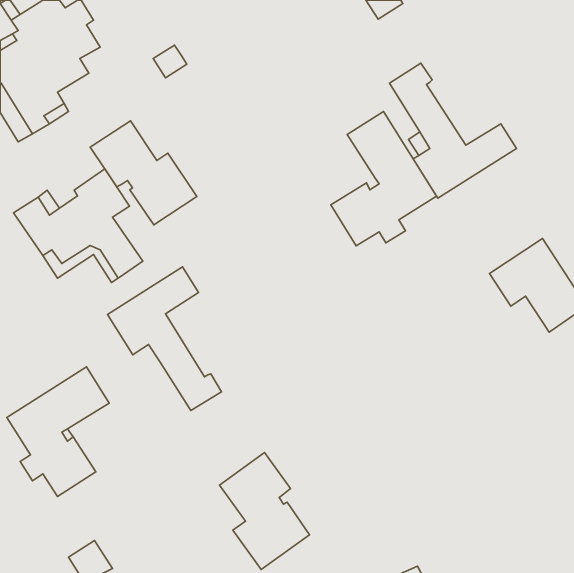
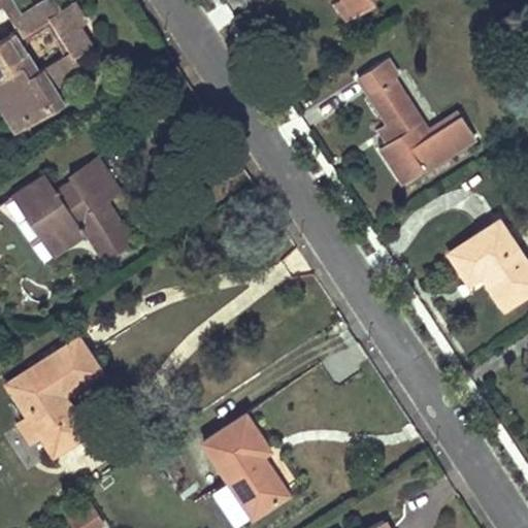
building: [331,112,437,246] -> none
building: [90,121,197,225] -> none
building: [107,267,221,411] -> none

